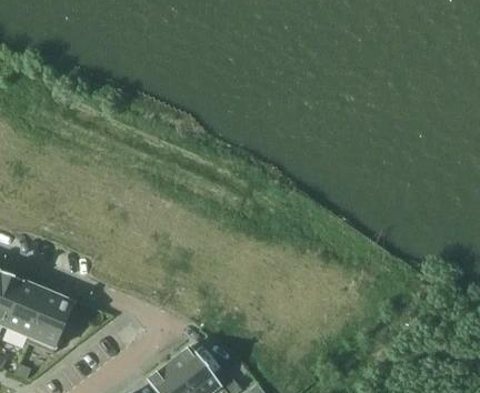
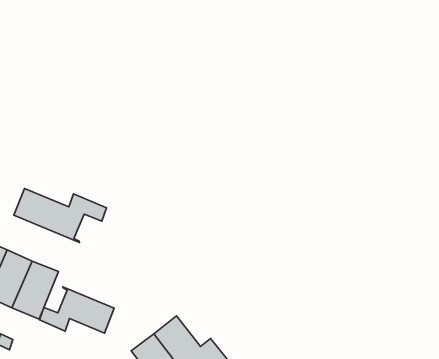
building: none -> [14,188,106,242]
building: none -> [39,287,114,333]

